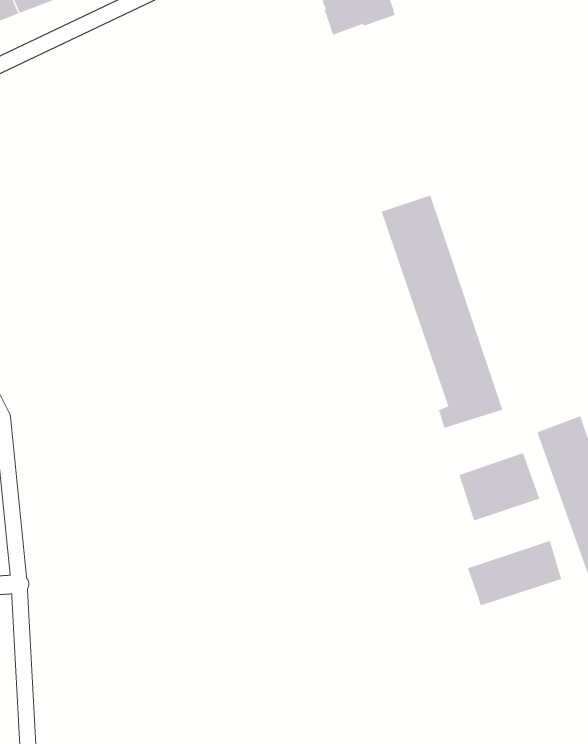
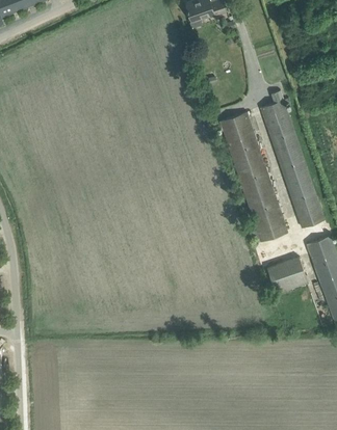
building: none -> [260,89,325,226]
building: [467,540,562,606] -> none

